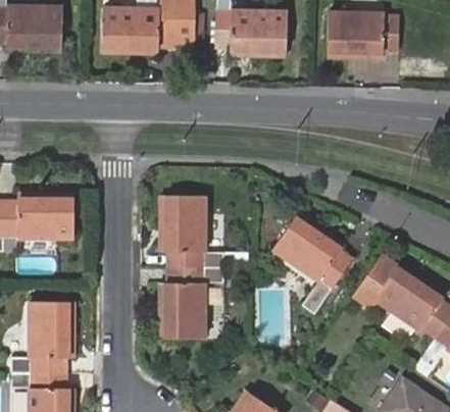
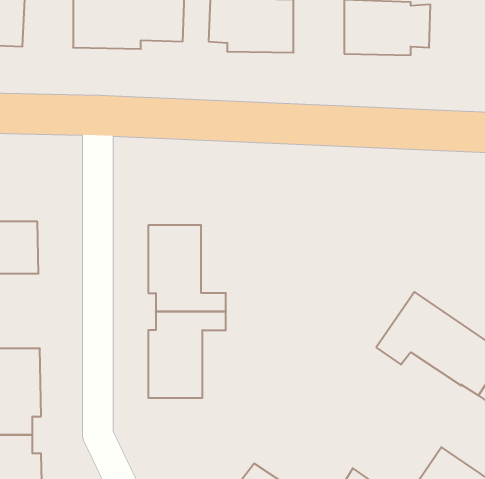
building: [277,214,356,314] -> none

